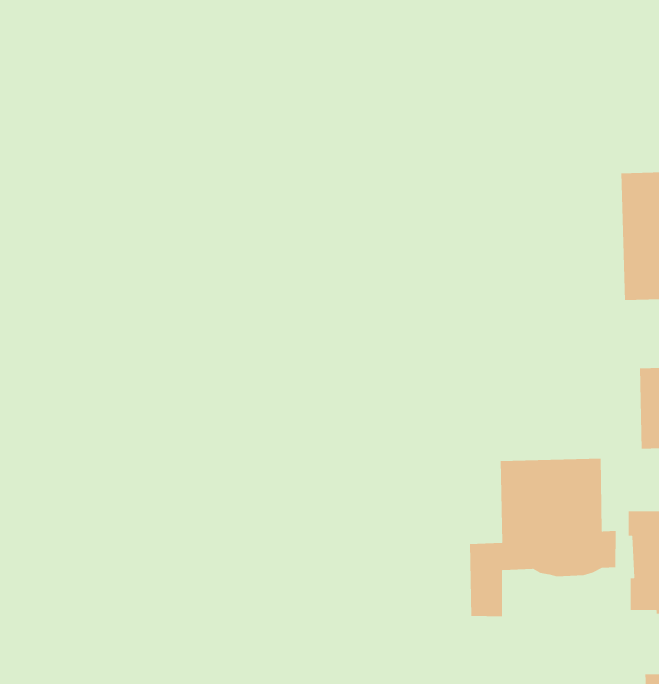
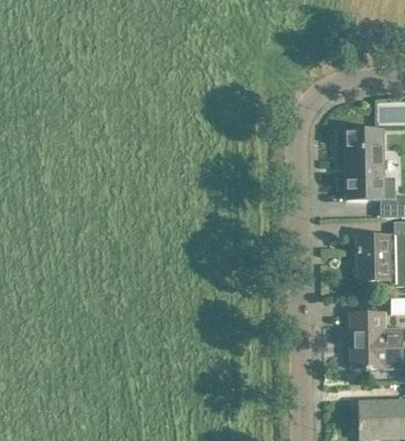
building: [469,458,616,617] -> none

